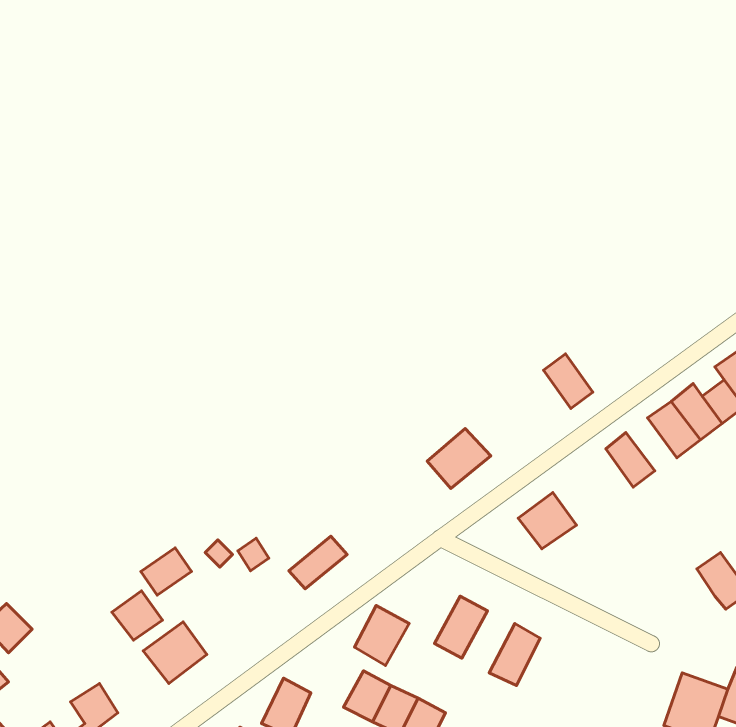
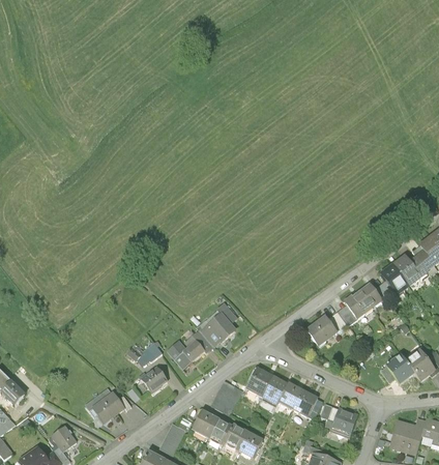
building: [544,354,593,408] -> [342,290,370,321]
building: [427,428,491,488] -> [203,312,239,346]
building: [141,548,192,595] -> [143,366,172,393]
building: none -> [383,352,416,386]
building: none -> [241,366,271,401]
building: [112,591,162,640] -> none
building: none -> [272,382,302,417]
building: none -> [329,407,358,439]
building: none -> [189,408,216,437]

